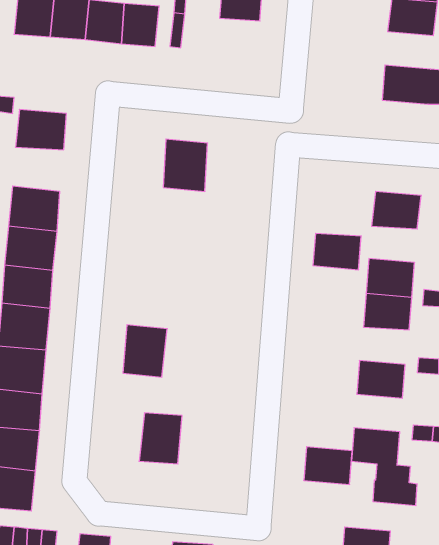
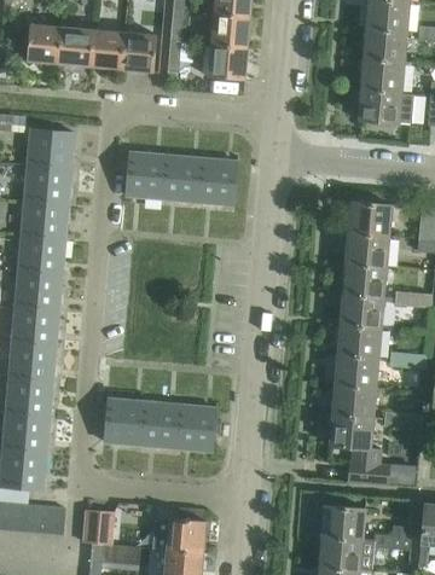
building: none -> [209,46,248,79]
building: none -> [360,58,404,92]
building: none -> [126,151,163,198]
building: none -> [198,158,238,204]
building: none -> [25,162,71,202]
building: [313,233,361,270] -> [346,233,389,266]
building: [123,325,167,377] -> [104,397,144,445]
building: none -> [337,324,382,358]
building: none -> [174,403,216,451]
building: [304,447,352,484] -> [332,384,376,418]

